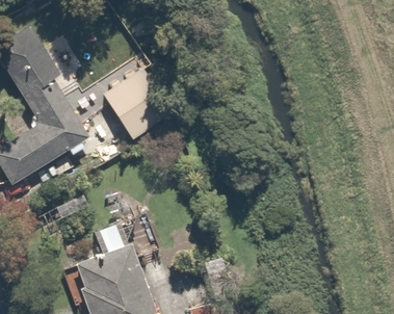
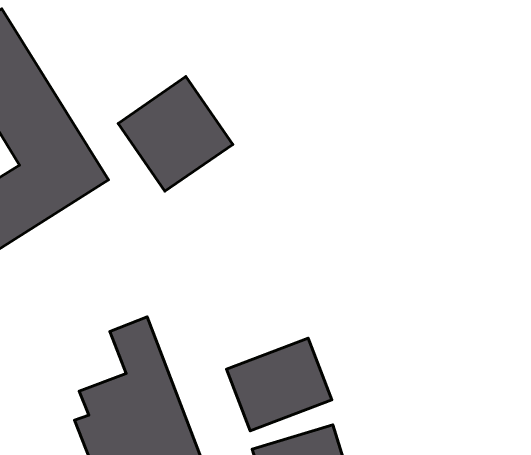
building: none -> [227,338,332,431]

